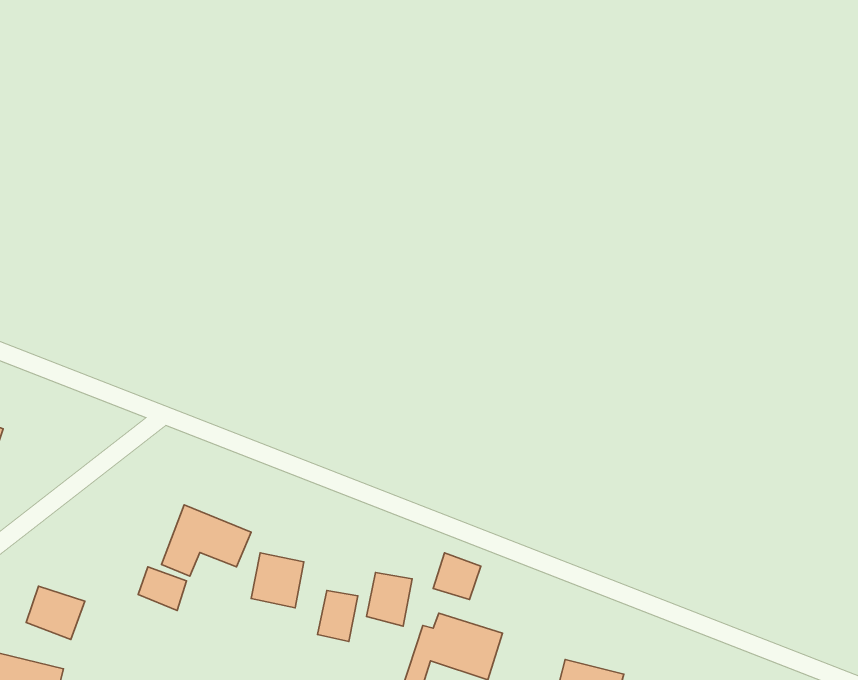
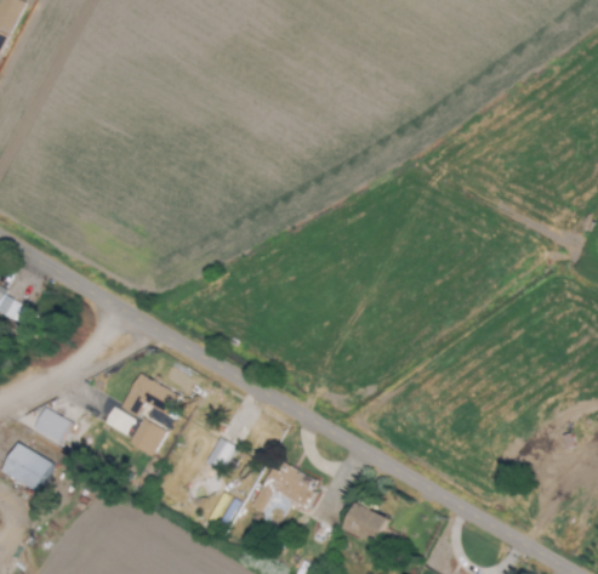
building: [433,553,481,600] -> none
building: [251,553,304,608] -> [129,419,164,455]
building: [367,573,412,626] -> none

